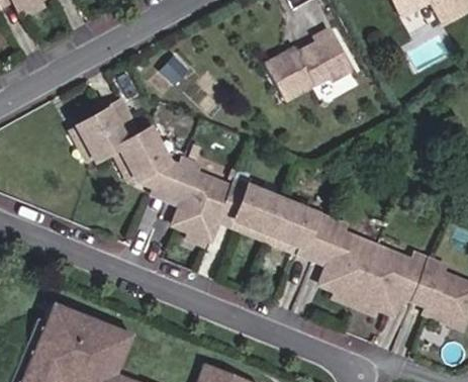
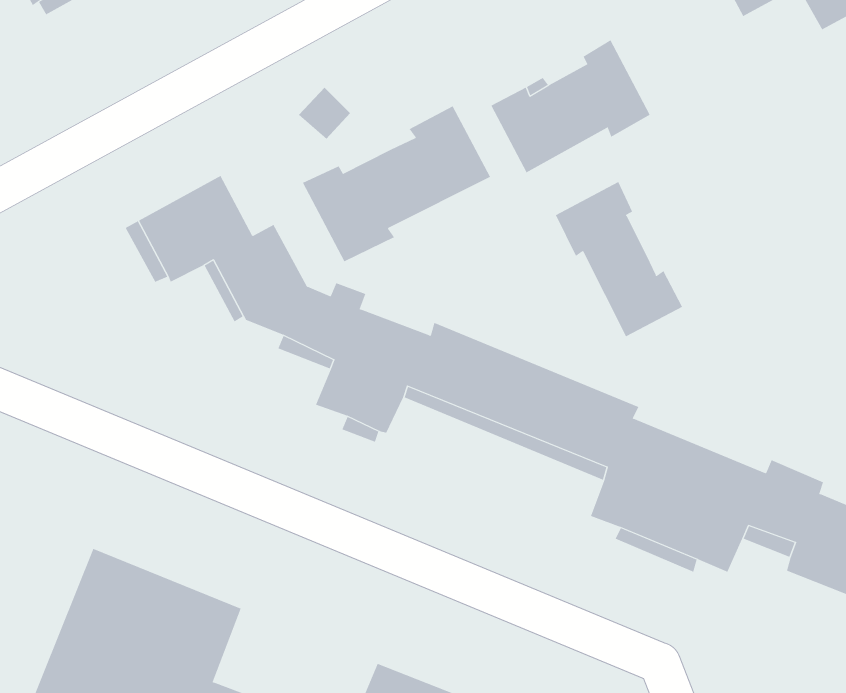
building: none -> [302,105,491,262]
building: none -> [555,181,683,337]

